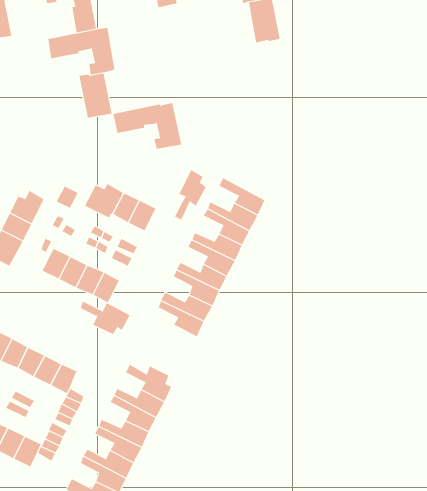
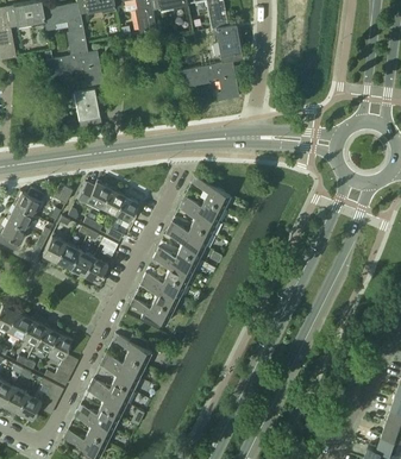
building: [112,103,182,149] -> [181,61,239,100]
building: [174,169,207,220] -> none
building: [80,301,131,335] -> [130,298,173,327]

